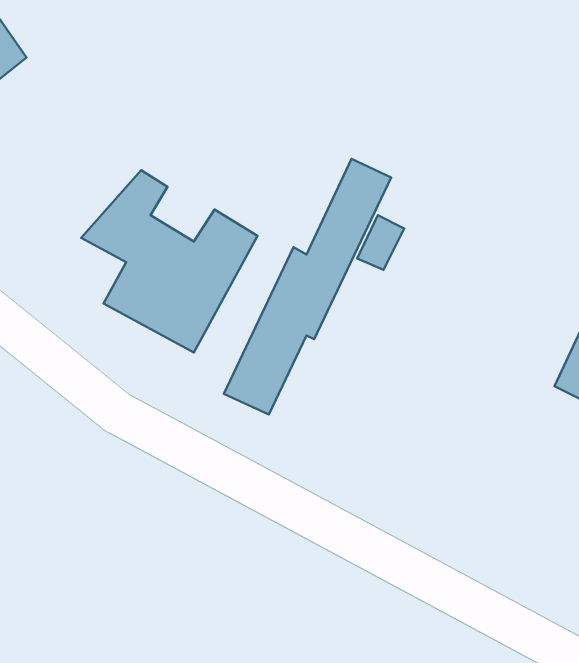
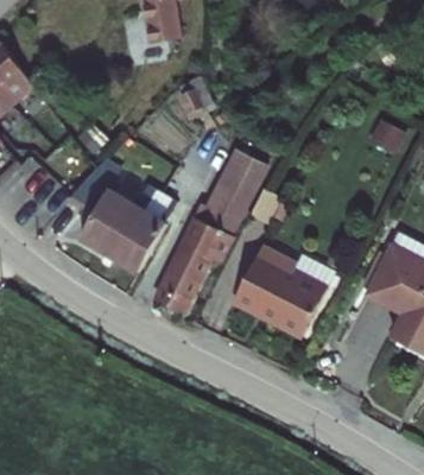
building: none -> [230,245,335,337]

